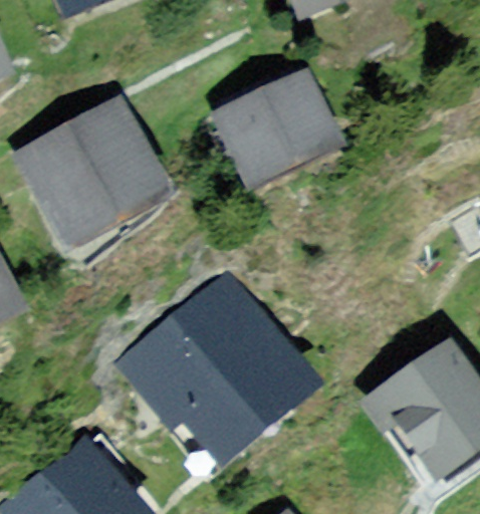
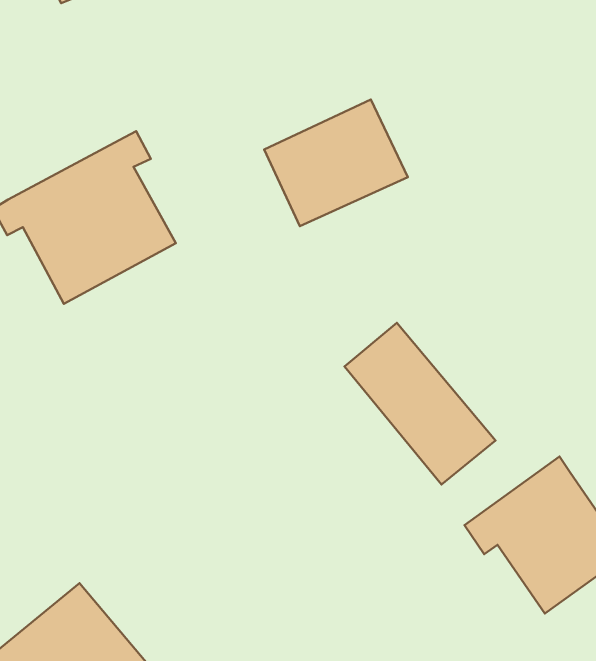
building: none -> [344,323,496,484]
building: [129,282,305,450] -> none

